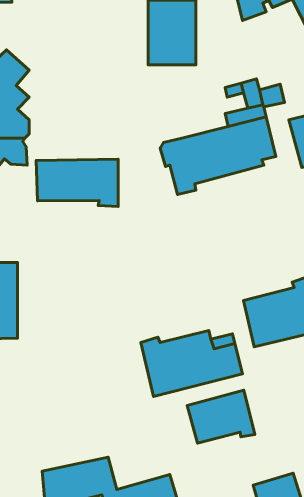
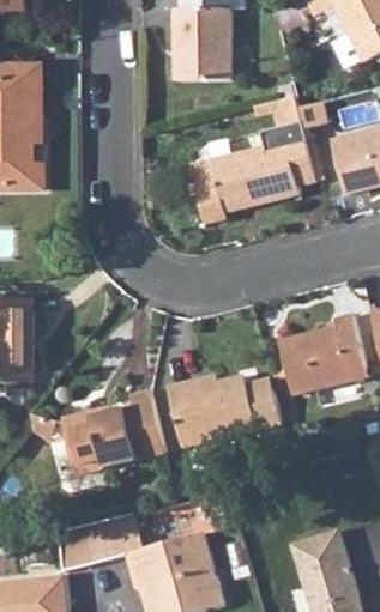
building: [36,159,118,206] -> none
building: none -> [64,390,164,472]
building: [187,390,255,443] -> none

